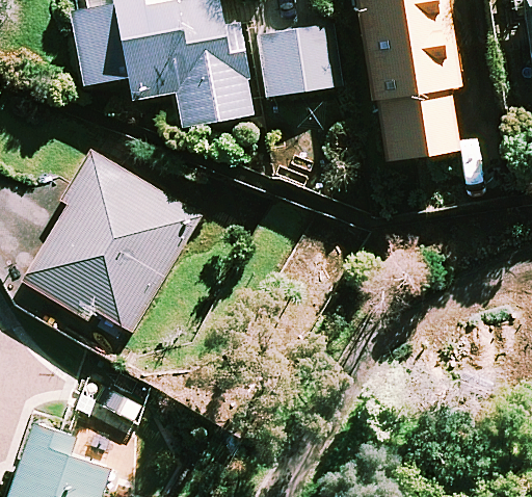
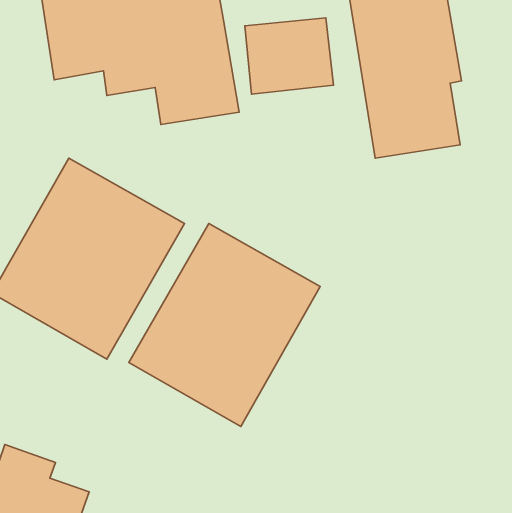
building: none -> [129,224,320,426]

